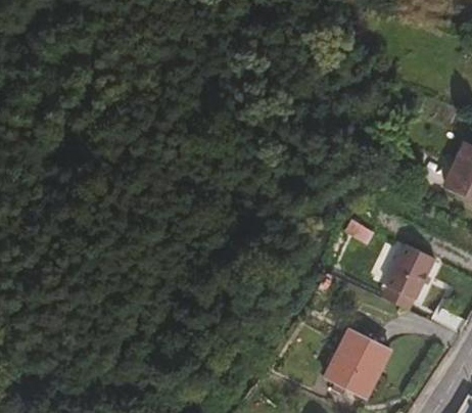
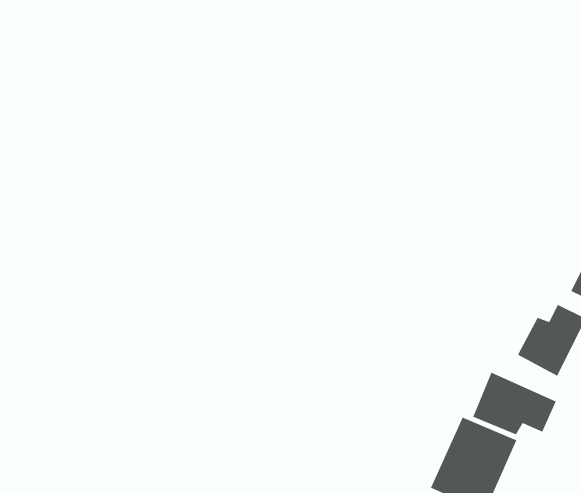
building: none -> [473,372,557,435]

